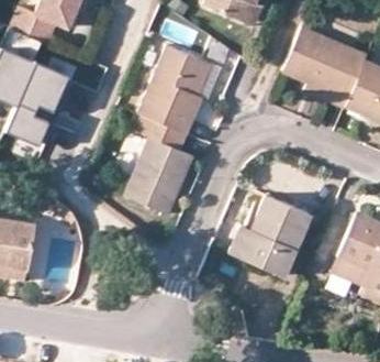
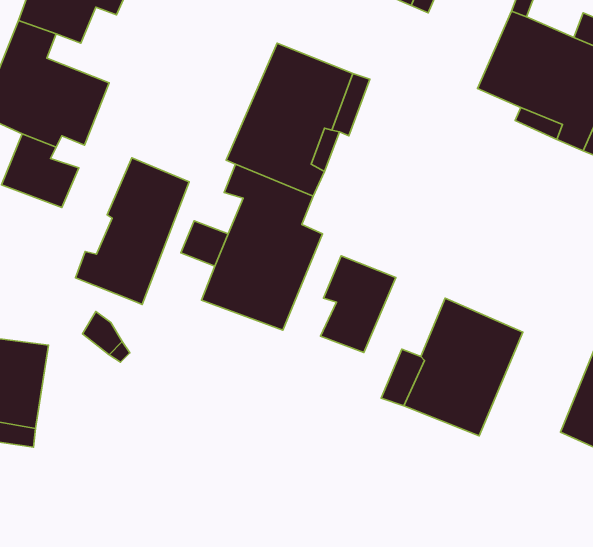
building: none -> [75,158,189,304]
building: none -> [321,256,396,352]

